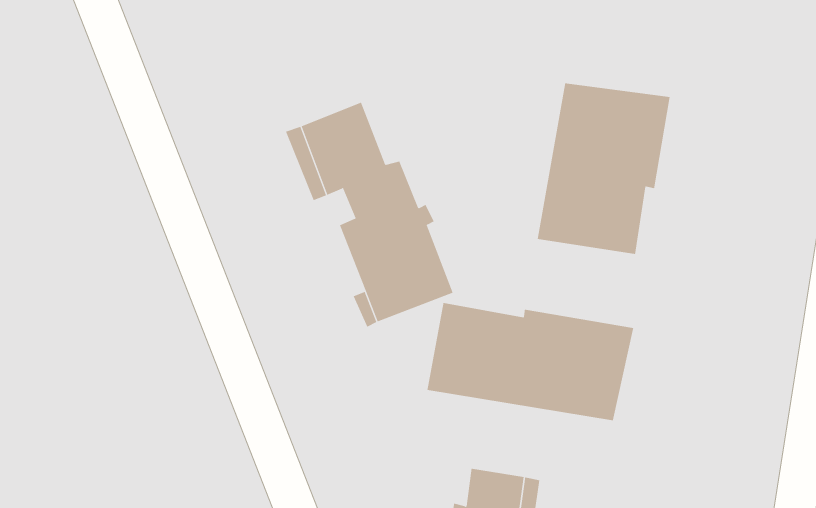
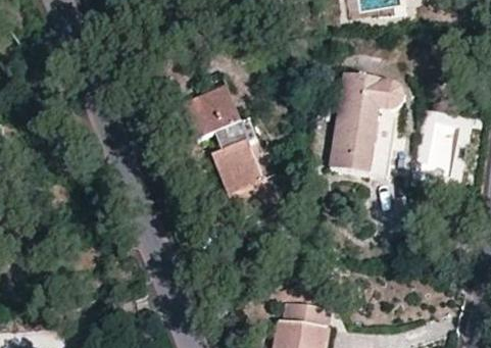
building: [427,302,634,421] -> none

